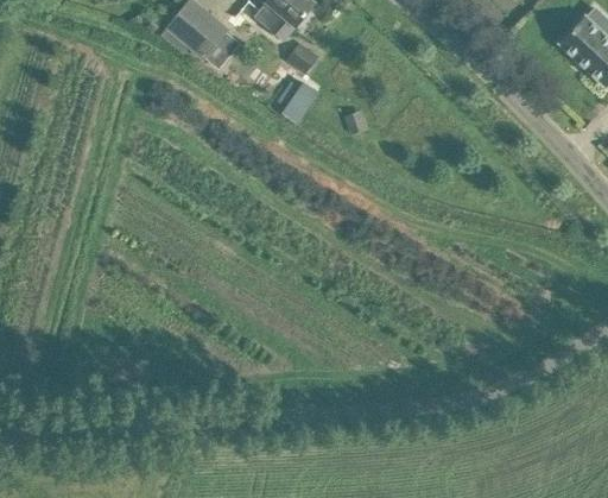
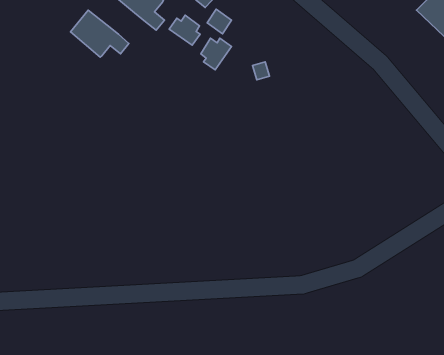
building: none -> [70,10,129,57]
building: none -> [169,15,200,45]

